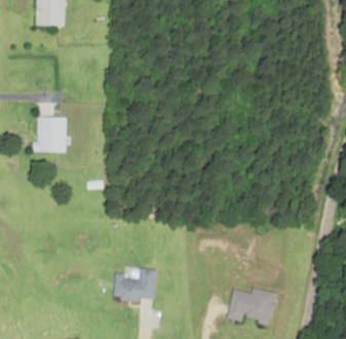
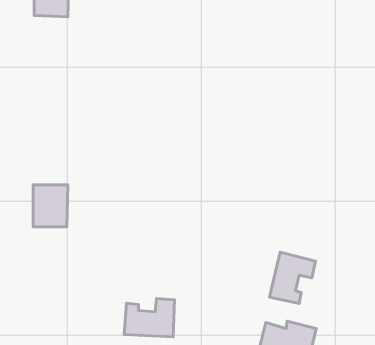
building: [36,116,66,152] -> [33,185,68,227]
building: none -> [269,252,315,304]

